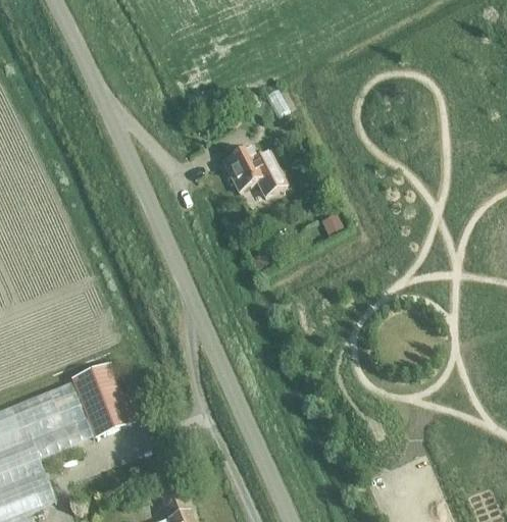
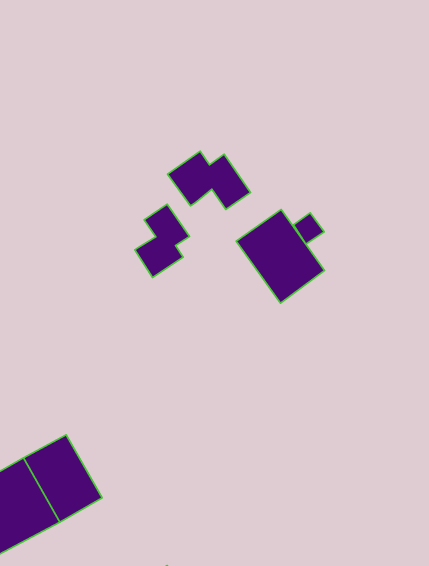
building: none -> [135,204,189,278]
building: none -> [236,209,325,303]

